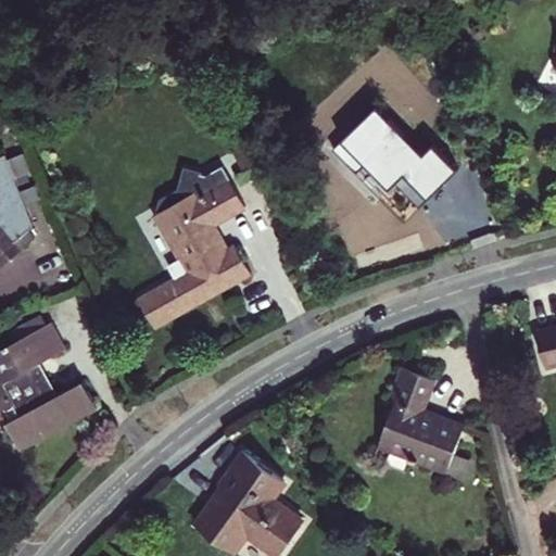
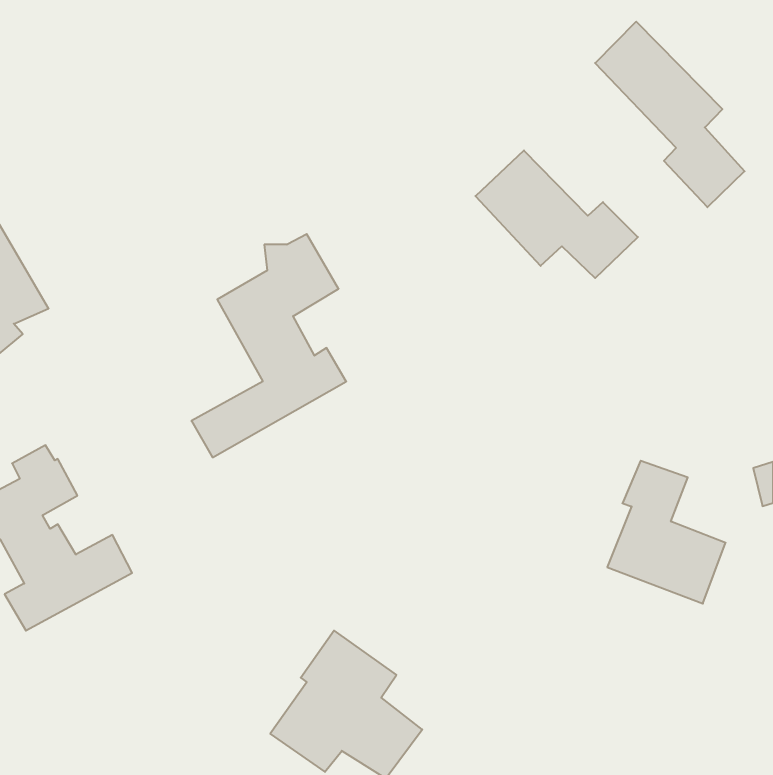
building: none -> [595,22,745,207]
building: [377,369,462,471] -> [607,461,726,604]

